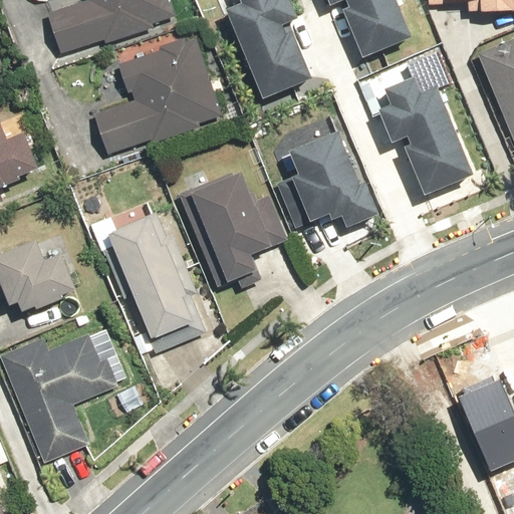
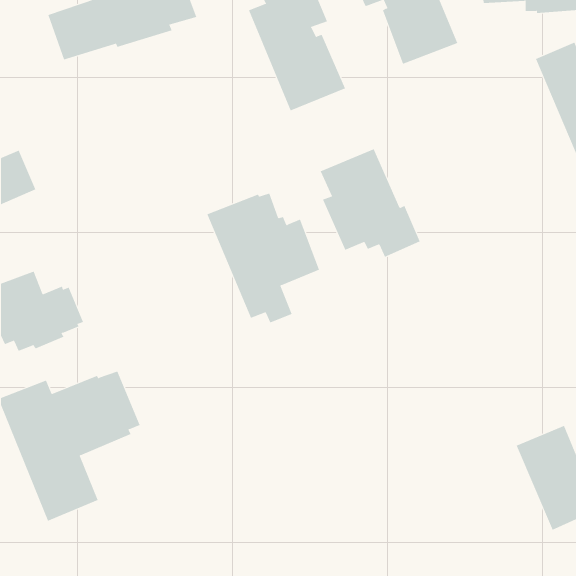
building: [91,36,223,155] -> none
building: [373,76,470,196] -> none
building: [92,212,207,351] -> none

